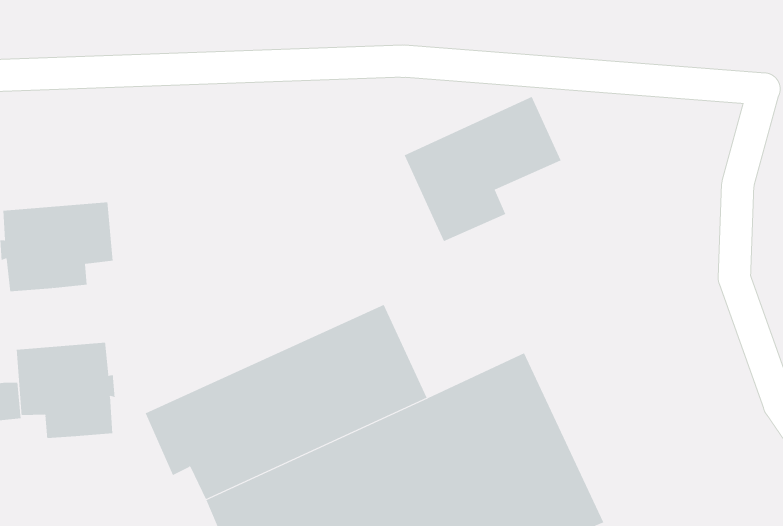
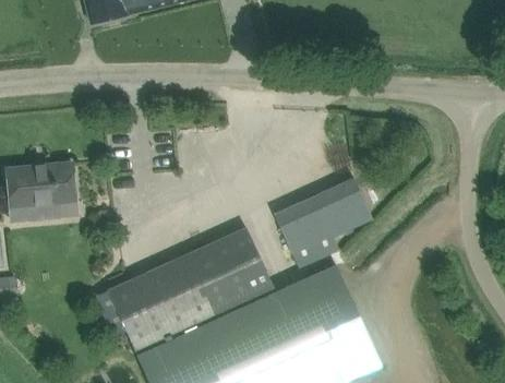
building: [404,96,562,242] -> [274,178,373,270]
building: [16,342,115,439] -> none

